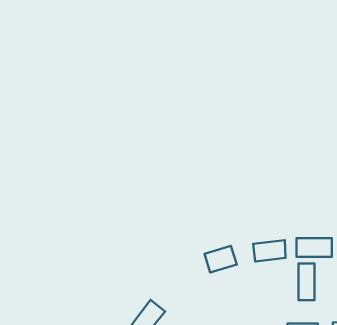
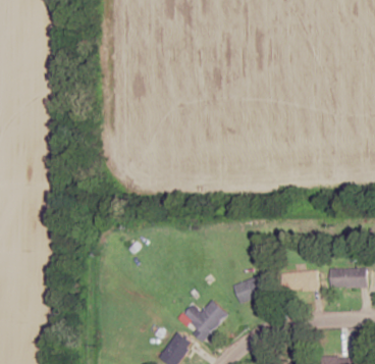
building: [299,263,314,300] -> none
building: none -> [184,300,227,341]

